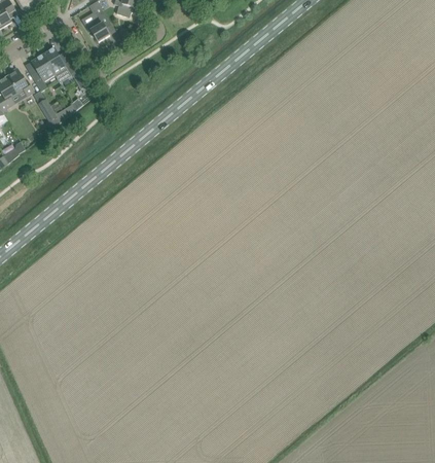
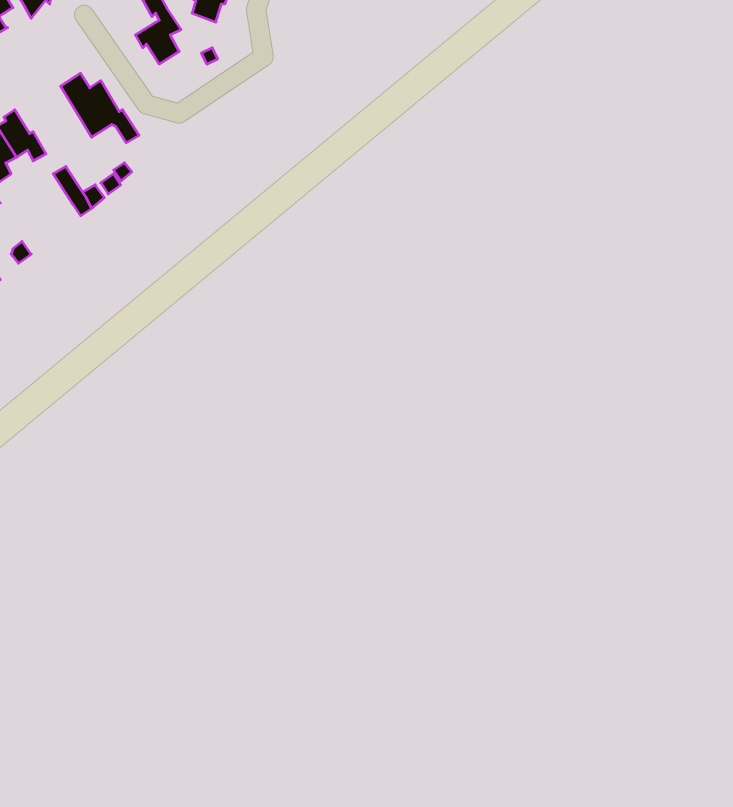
building: [30,54,52,91] -> none

